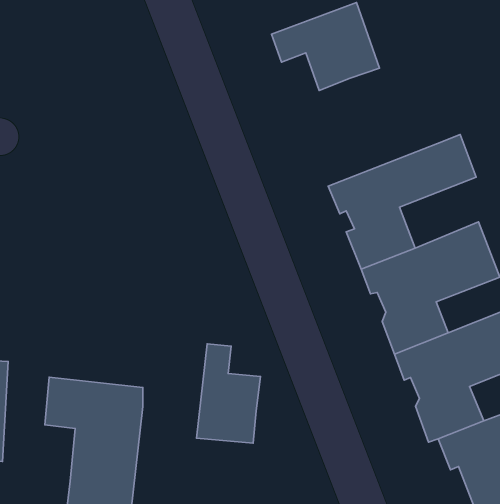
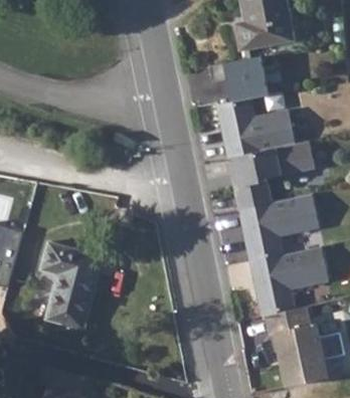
building: none -> [217,98,296,159]
building: [197,344,261,443] -> none

